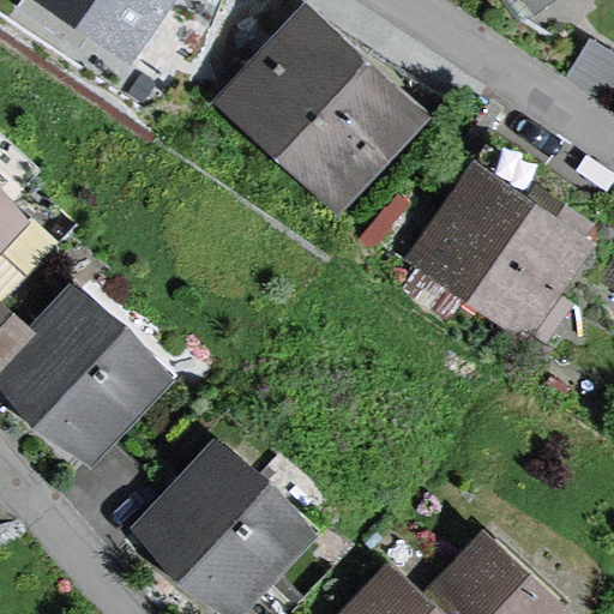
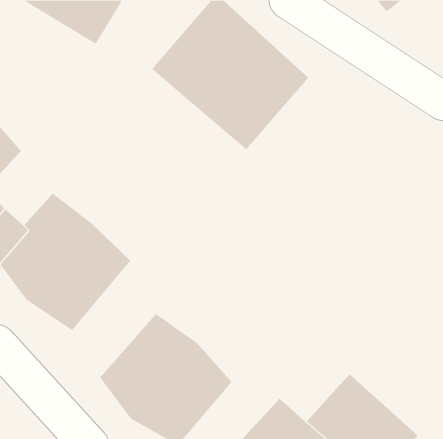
building: [405,162,595,347] -> none

